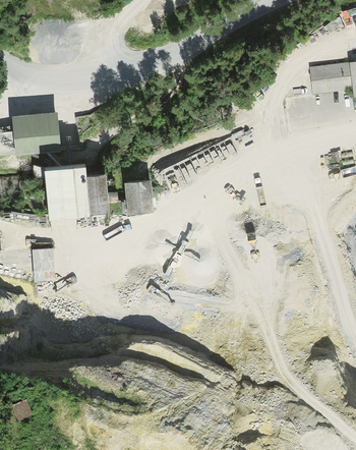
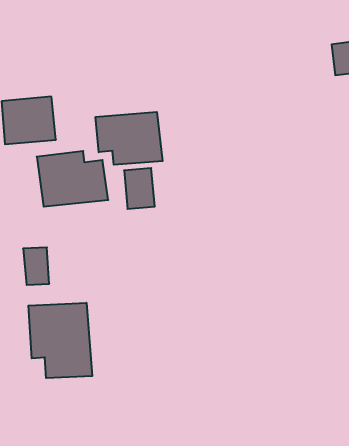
building: none -> [96,112,163,165]
building: none -> [28,303,92,378]

